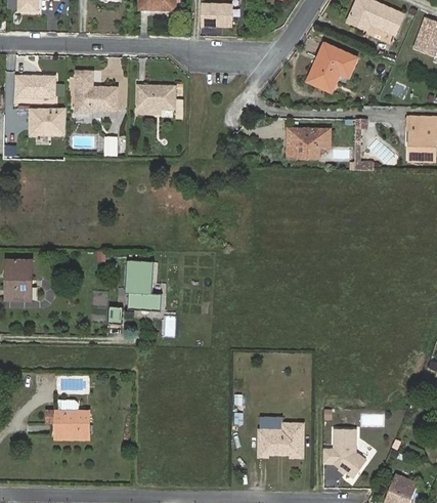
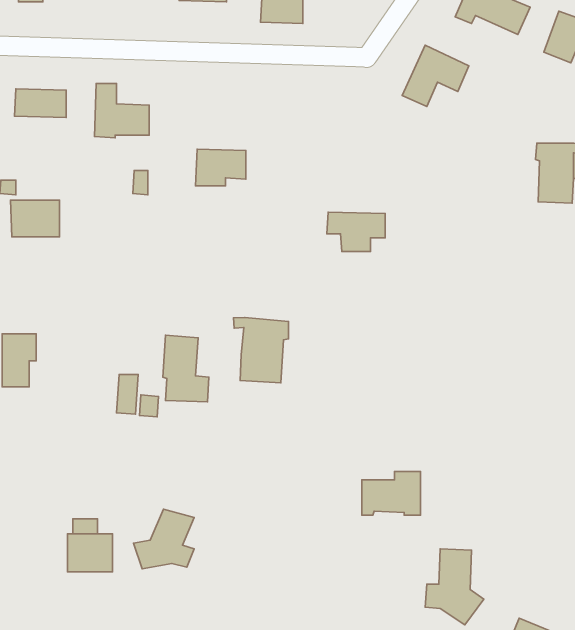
building: [136,86,174,114] -> [196,149,246,186]
building: [28,108,64,135] -> [10,200,59,237]
building: [286,128,330,158] -> [327,212,385,252]
building: none -> [233,318,289,383]
building: none -> [133,509,194,569]
building: [258,424,302,457] -> [362,472,420,515]

